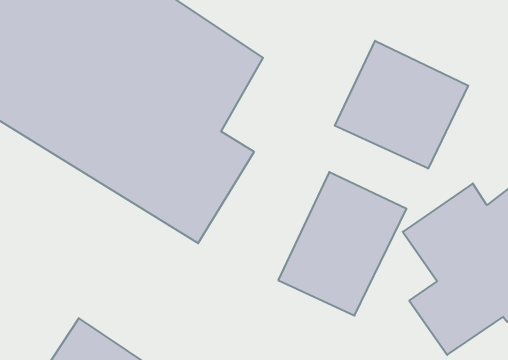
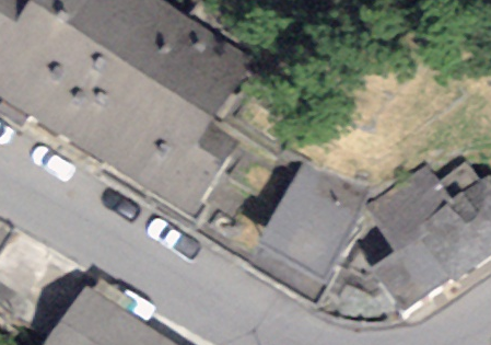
building: [335,41,468,169] -> none

